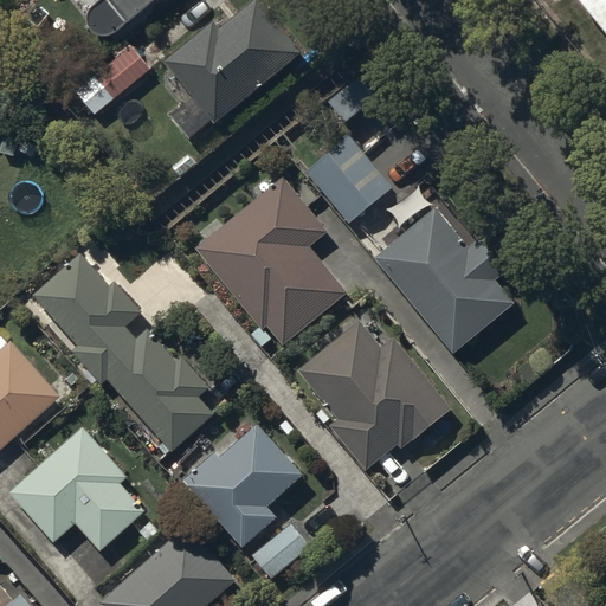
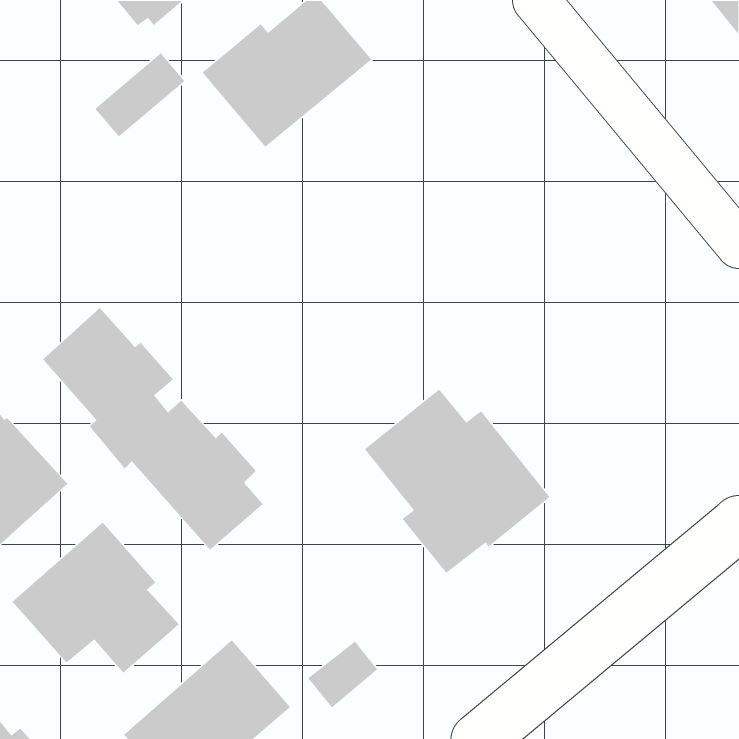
building: [304,133,393,223] -> none
building: [195,178,347,344] -> none
building: [373,206,515,352] -> none
building: [183,421,301,546] -> none

